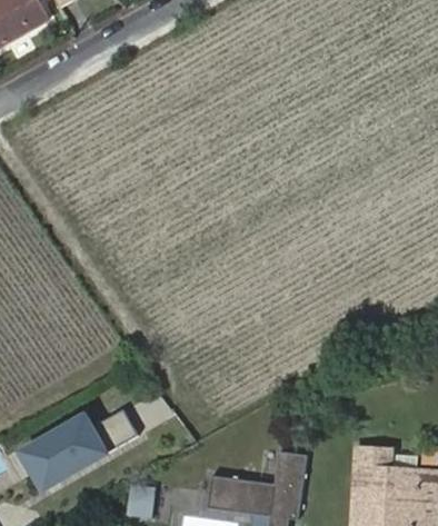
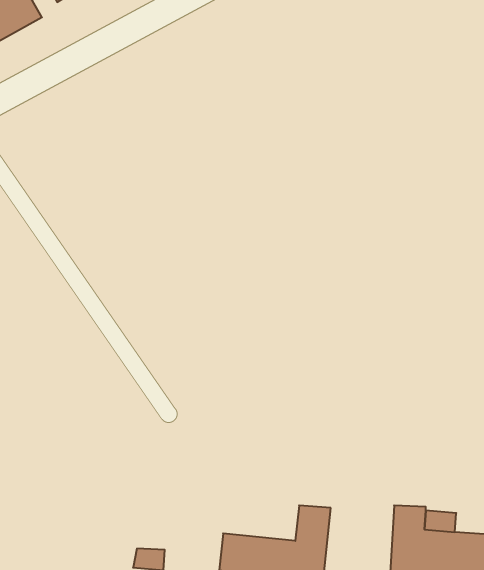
building: [19,409,138,495] -> none

